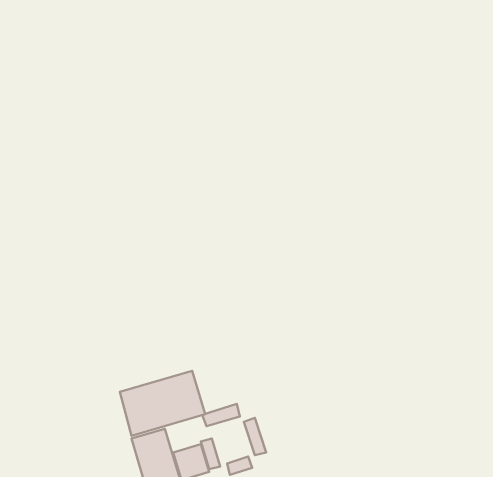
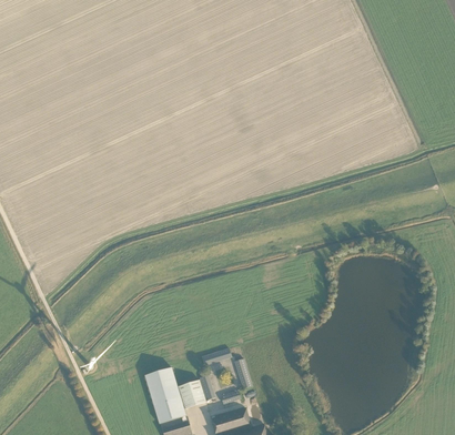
building: [120,371,205,436] -> none

